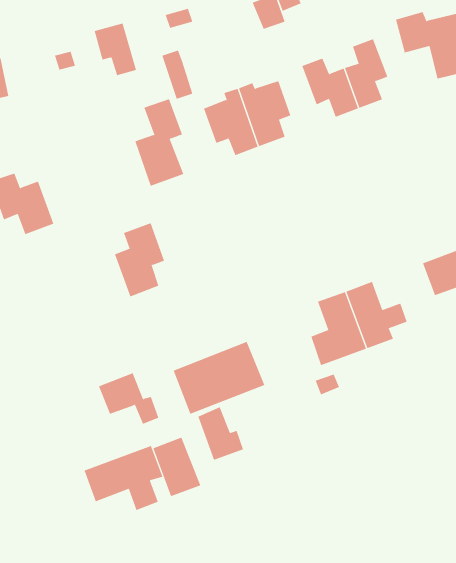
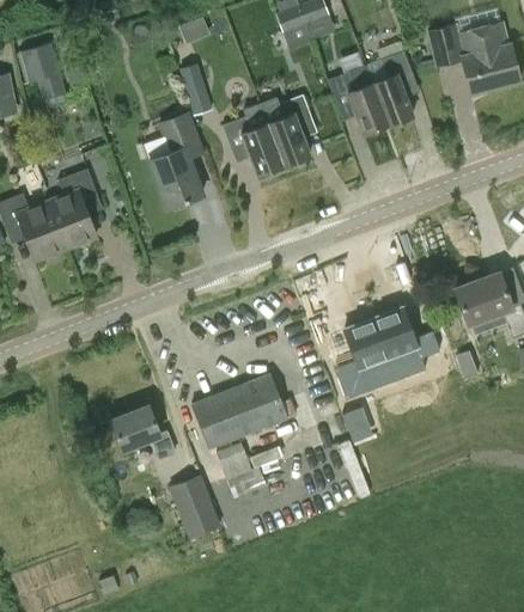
building: [94,23,137,76] -> [19,42,65,98]
building: [114,223,165,297] -> [48,169,102,247]
building: [84,445,163,511] -> none

